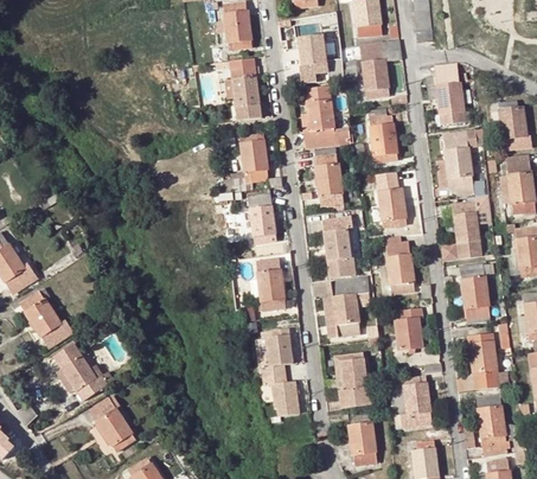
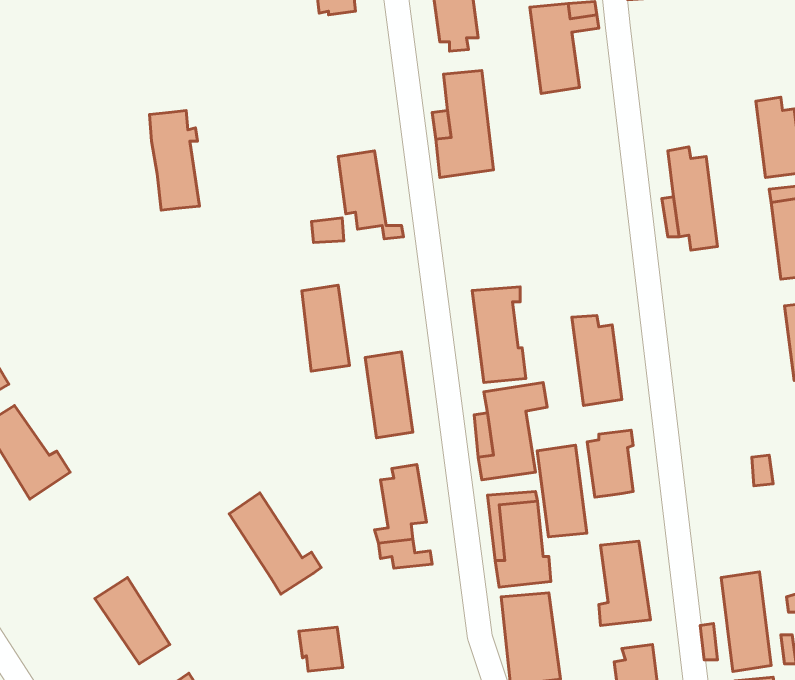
building: [230,59,261,121] -> [150,111,199,210]
building: [435,74,465,124] -> none
building: [366,109,397,166] -> none
building: [313,148,344,206] -> none
building: [378,181,407,226] -> none
building: [248,193,277,247] -> [302,285,350,371]
building: [452,202,482,260] -> none
building: [460,263,493,320] -> none
building: [468,332,499,389] -> [537,445,587,537]
building: [55,344,111,407] -> [229,493,321,594]
building: [274,390,301,417] -> [299,627,343,671]

